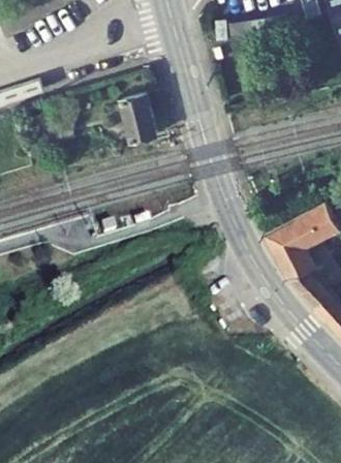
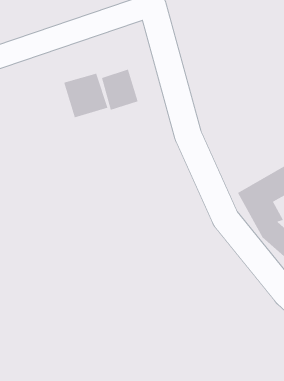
building: none -> [63,73,108,118]

